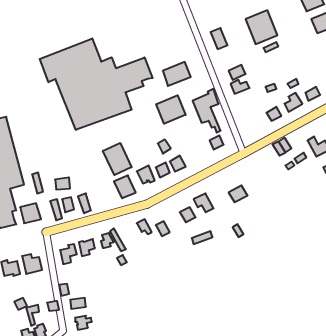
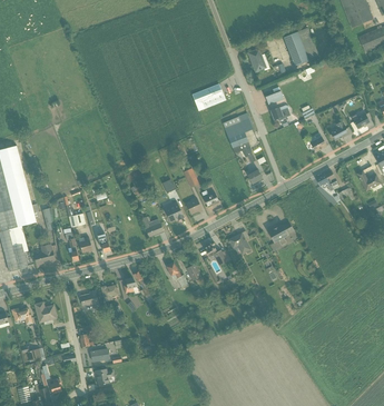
building: [40,38,153,130] -> none
building: [156,95,186,124] -> none
building: [103,143,132,175] -> none

